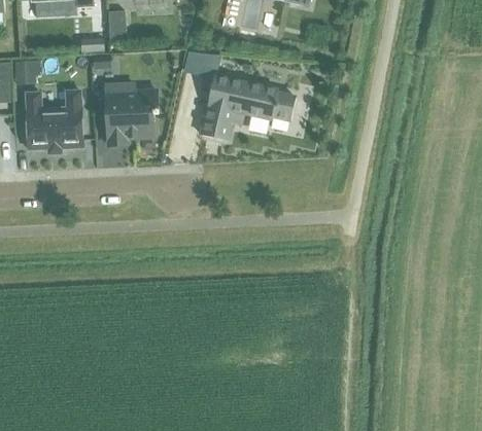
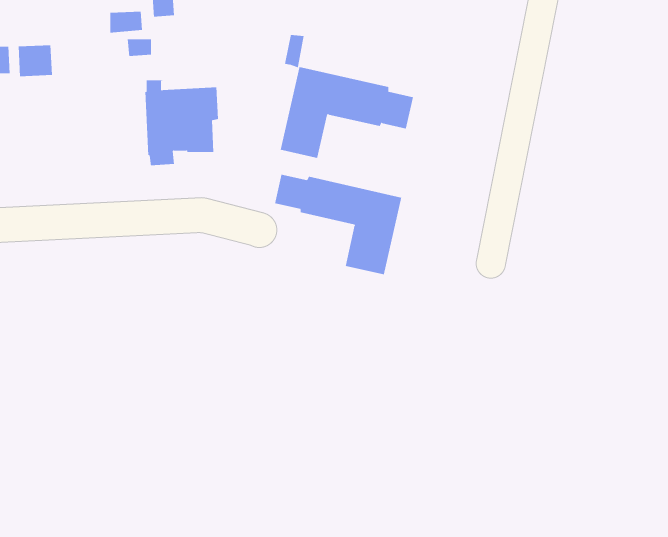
building: [25,91,82,150] -> none
building: none -> [274,174,402,275]

